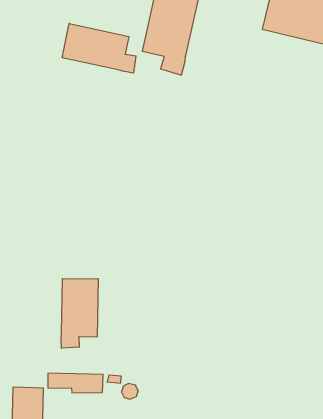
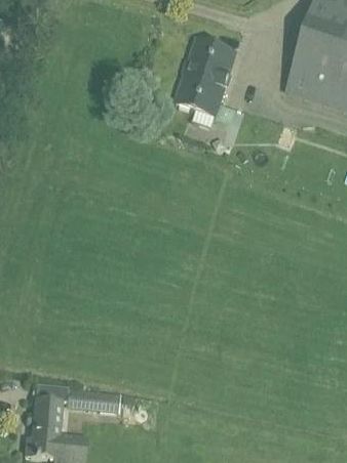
building: [62,23,136,73] -> none
building: [61,279,98,348] -> none

